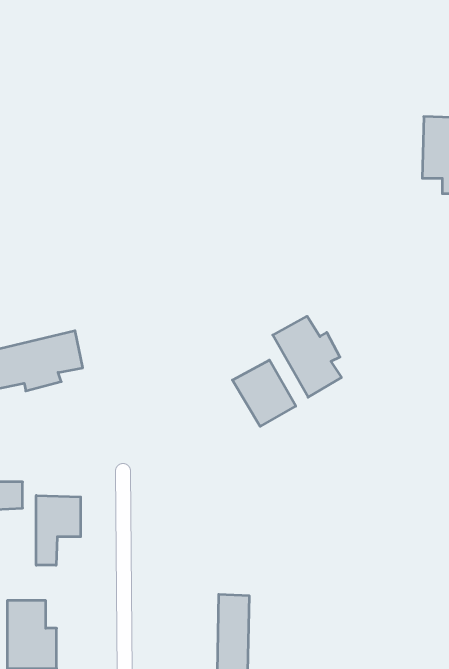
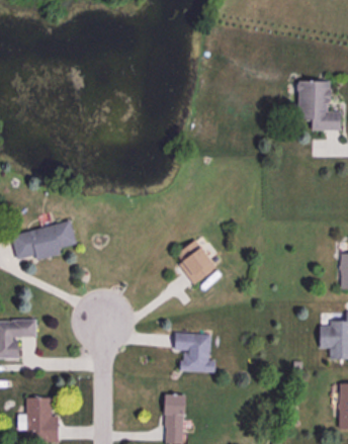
building: [273,316,341,397] -> none
building: [36,495,81,565] -> none
building: none -> [175,333,215,372]

